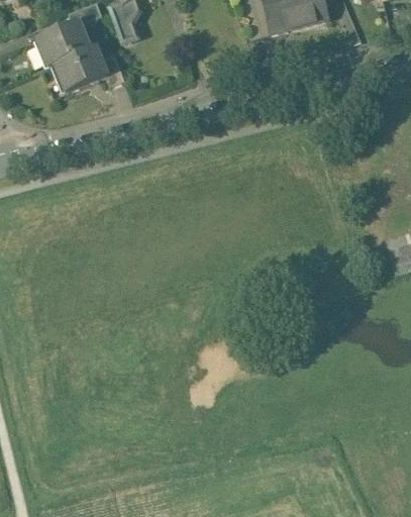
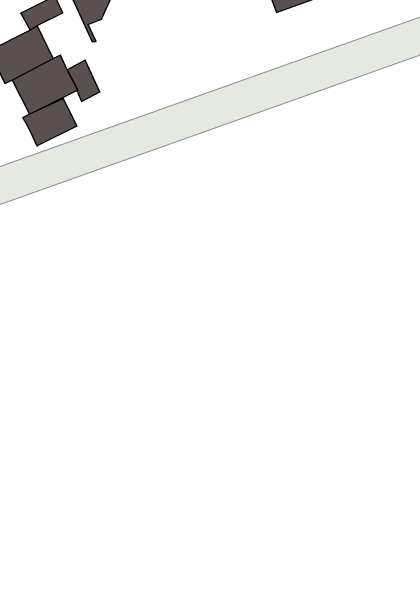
building: none -> [23,98,77,146]

